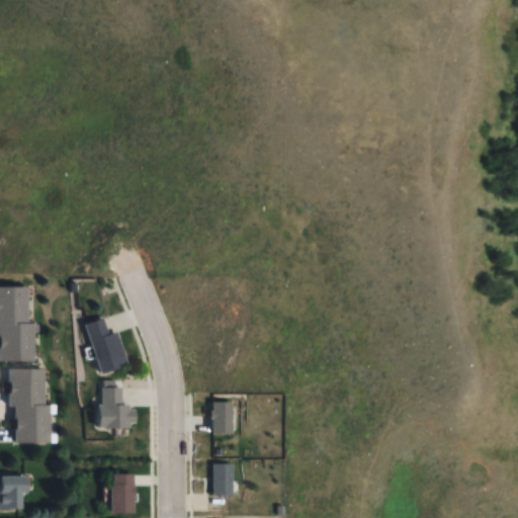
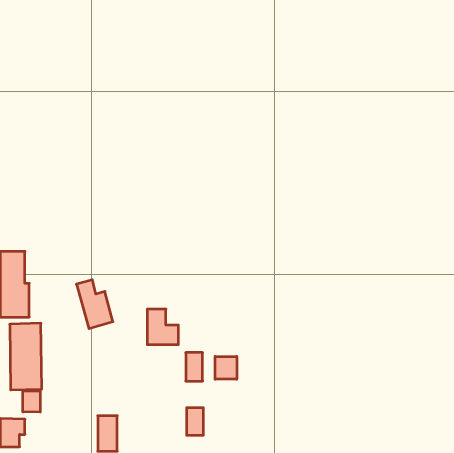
building: [101,387,137,428] -> [147,309,178,345]
building: none -> [215,356,237,379]
building: none -> [23,391,40,412]

